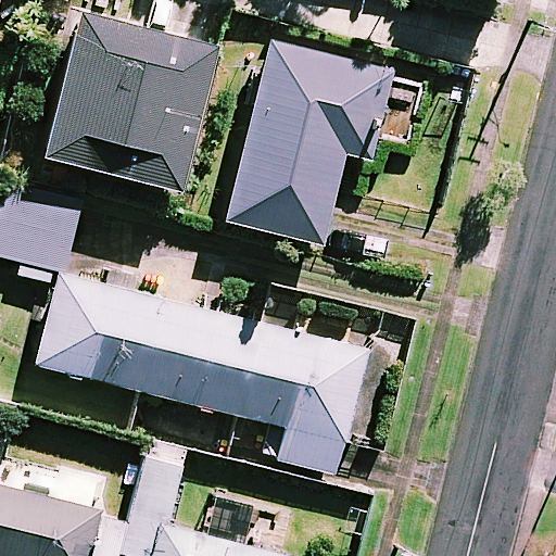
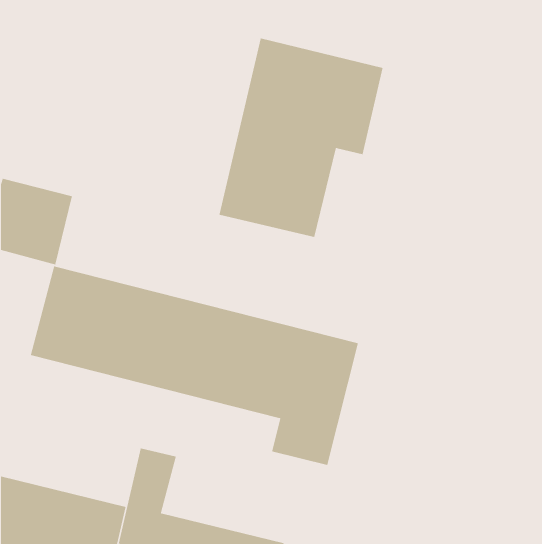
building: [42,12,215,189] -> none

